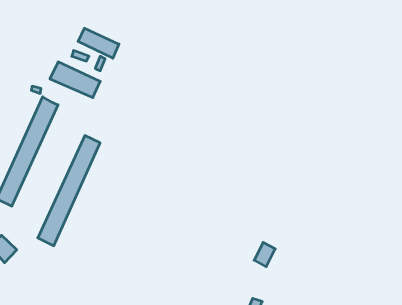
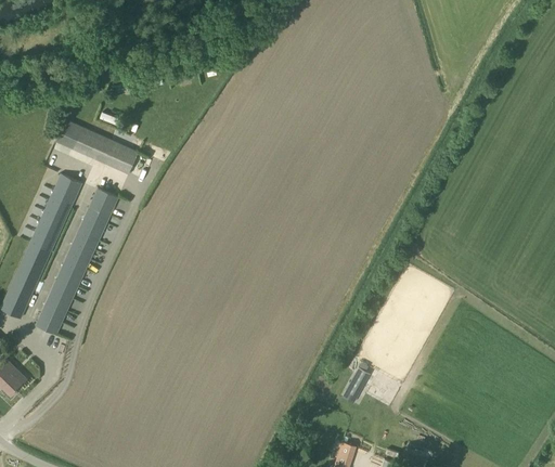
building: [78,28,119,58] -> none
building: [38,136,100,246] -> [34,189,117,336]

